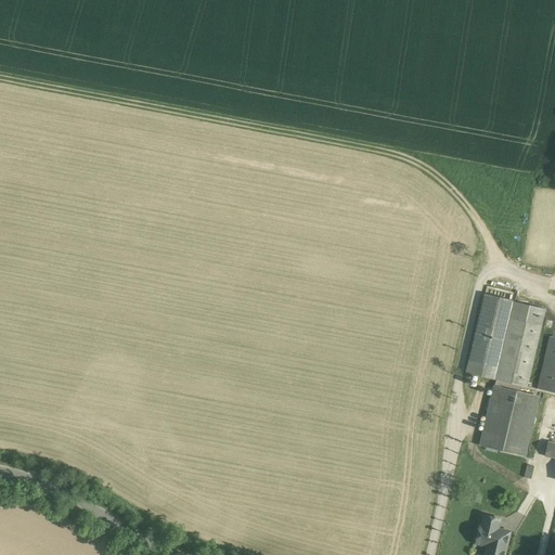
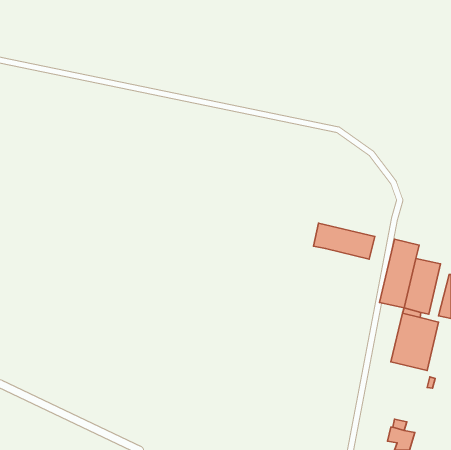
building: none -> [314,223,375,259]
building: [511,301,544,324] -> none

